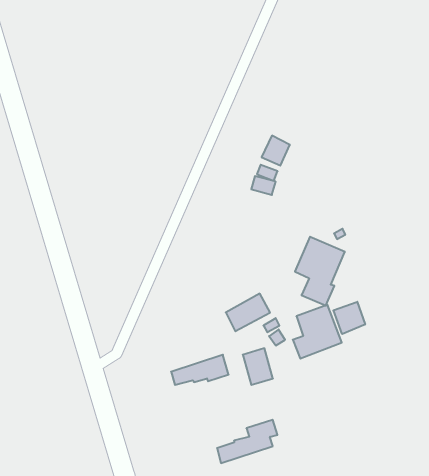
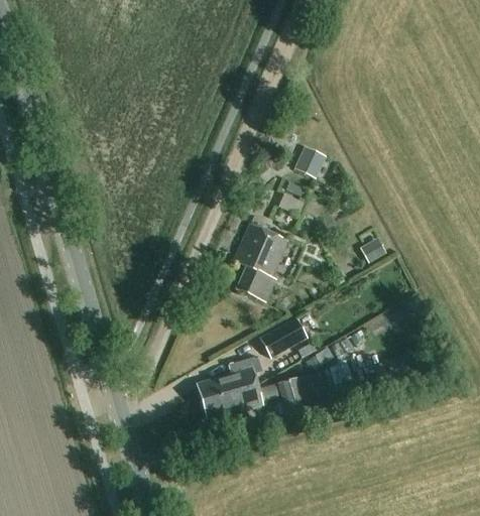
building: [295,237,345,306] -> [232,224,285,297]
building: [333,302,365,334] -> none
building: [217,420,277,463] -> [197,354,261,400]

